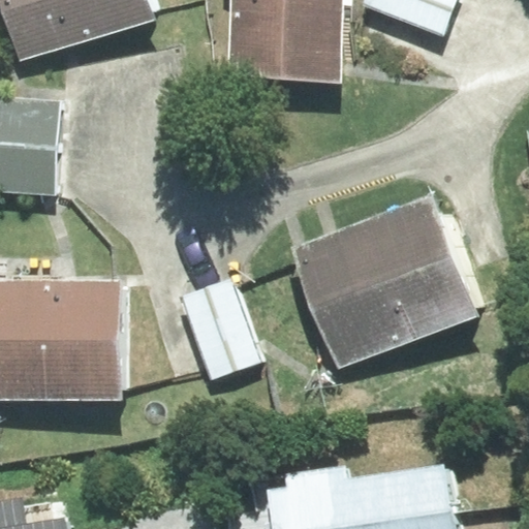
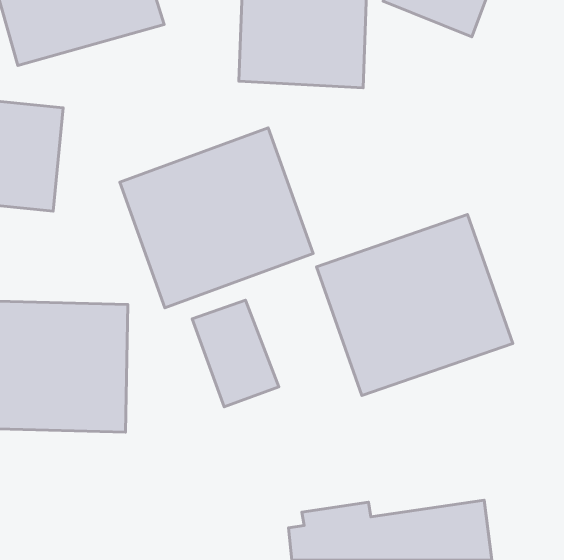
building: none -> [120,128,313,308]

